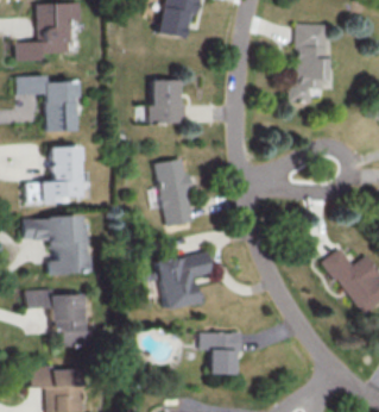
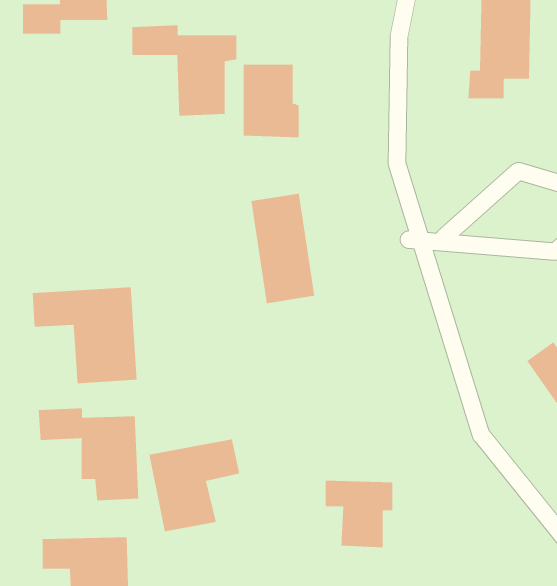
building: [18,75,82,131] -> [132,25,237,116]
building: [27,146,83,201] -> none
building: [156,251,211,308] -> [148,439,240,532]

